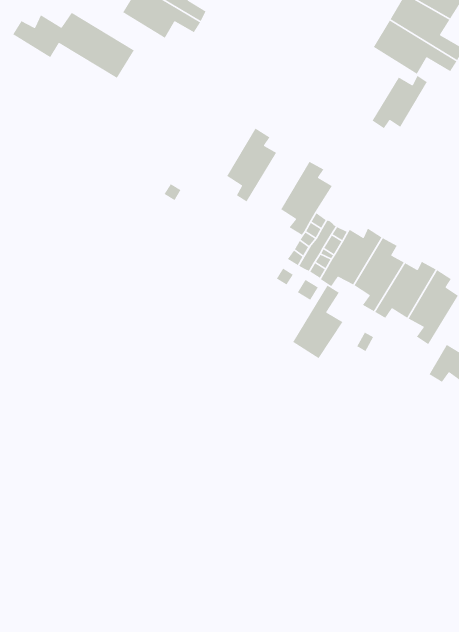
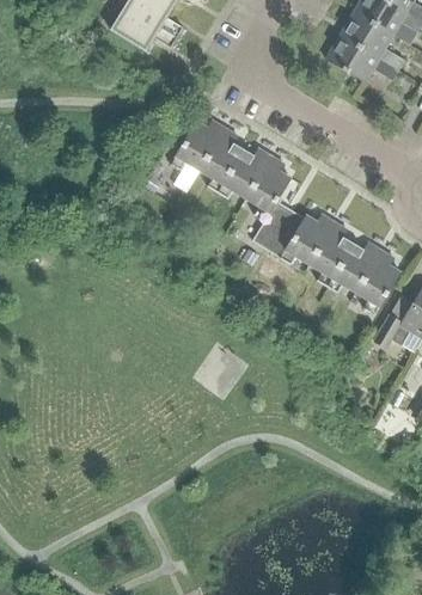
building: [12,12,135,79] -> none
building: [371,75,428,129] -> none
building: none -> [171,119,225,170]
building: none -> [218,147,271,197]
building: [292,284,343,359] -> none

